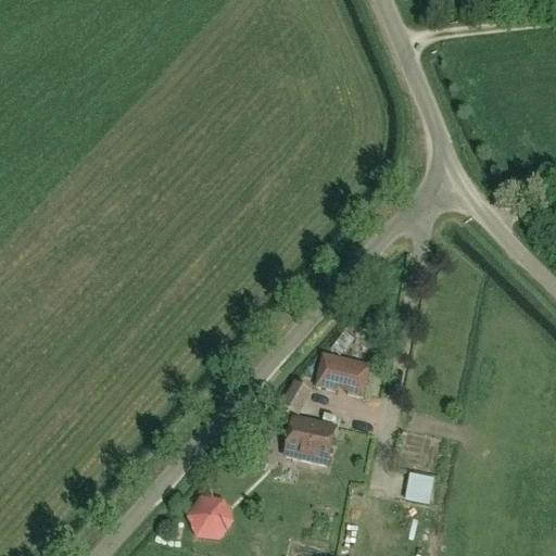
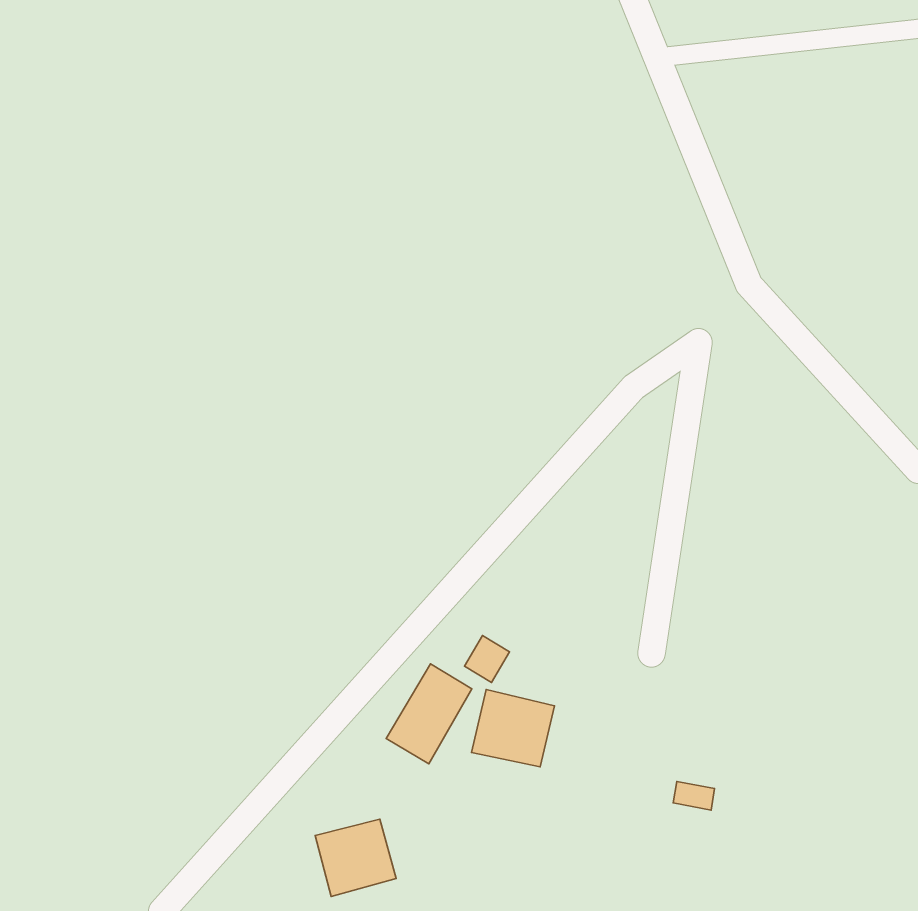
building: [315,353,369,395] -> none
building: none -> [386,664,472,764]

